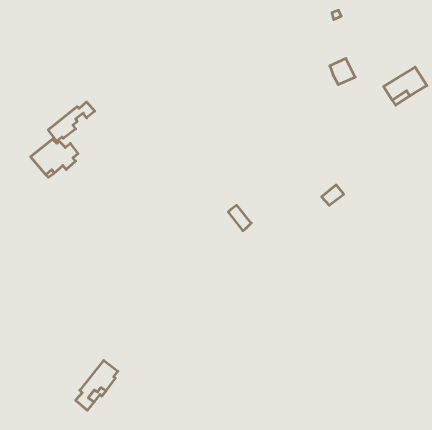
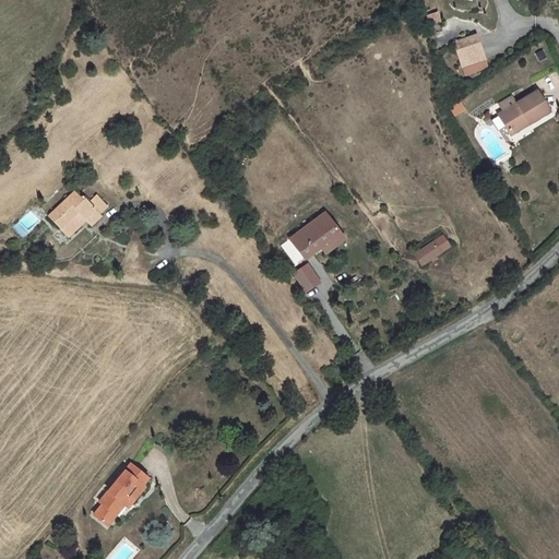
building: [330,58,355,85] -> [454,36,487,70]
building: [48,102,95,141] -> none
building: none -> [290,212,347,259]

